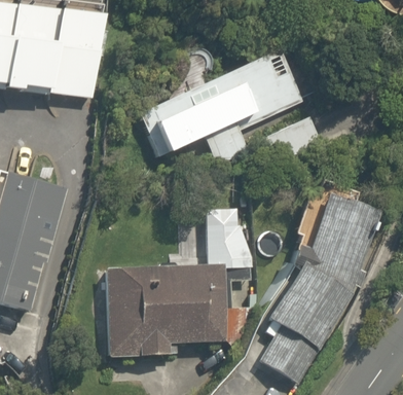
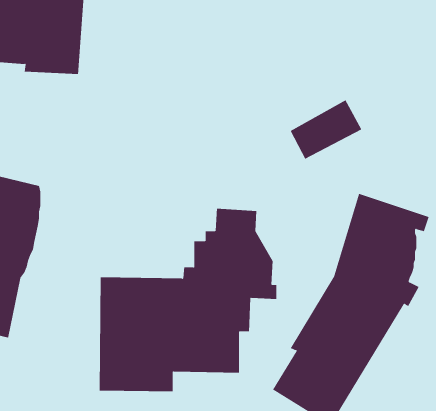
building: [137,47,301,161] -> none

